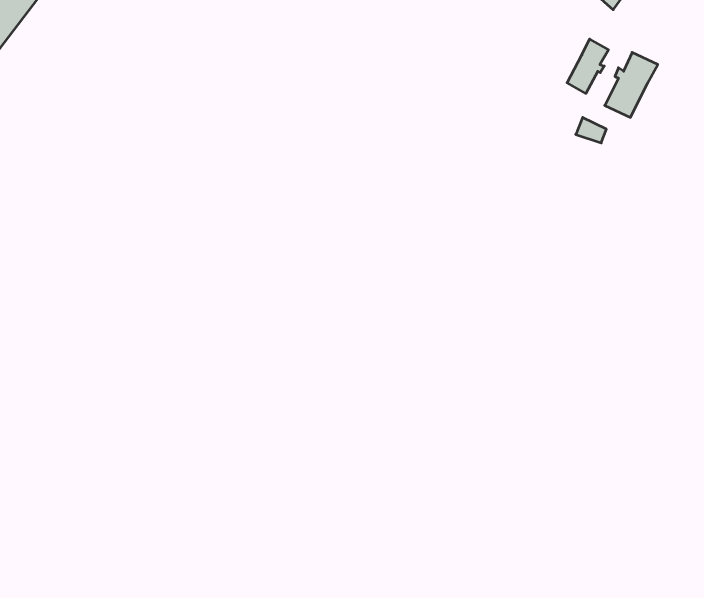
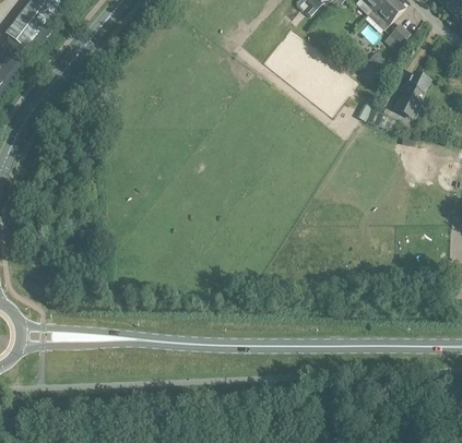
building: [567,39,608,93] -> none

